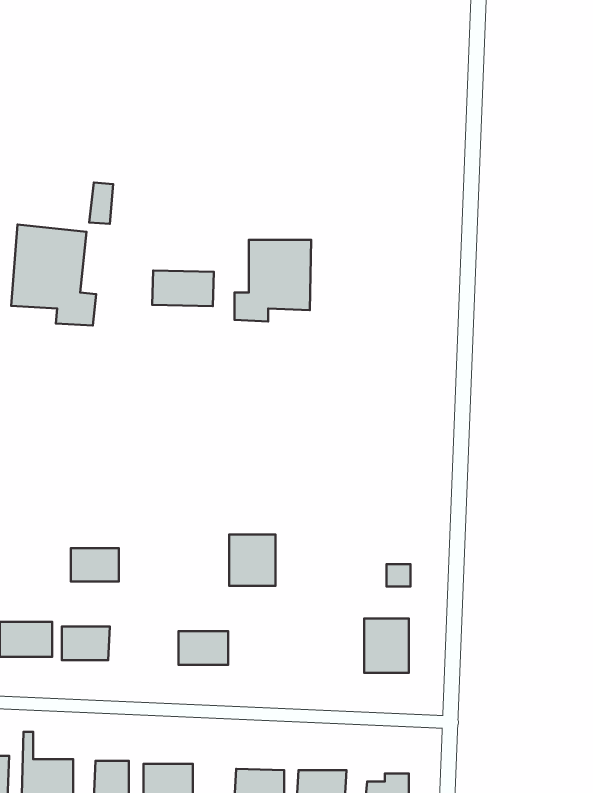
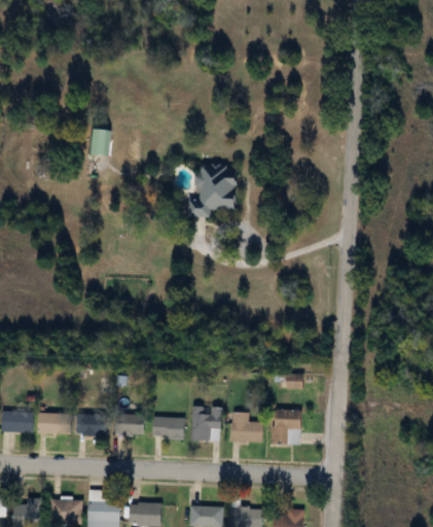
building: [11,225,96,325] -> none
building: [152,271,214,306] -> none
building: [229,535,276,586] -> [190,407,220,440]
building: [71,548,119,582] -> [114,415,145,436]
building: none -> [229,412,262,442]

